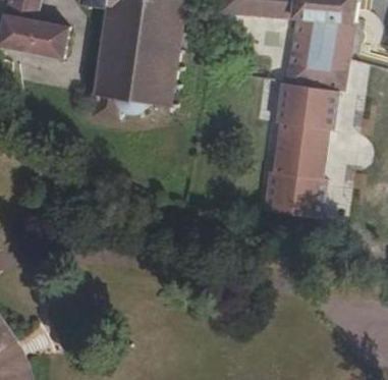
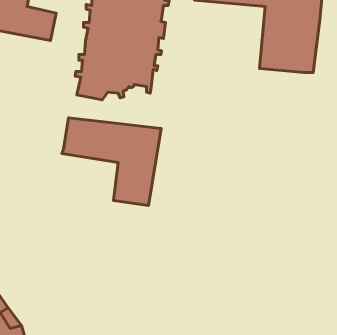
building: [261,84,337,218] -> none
building: none -> [62,118,161,205]

